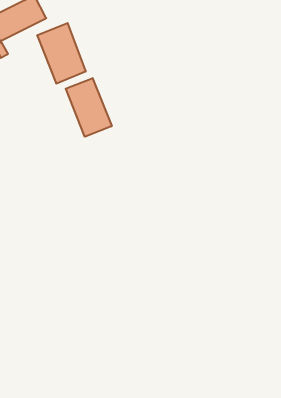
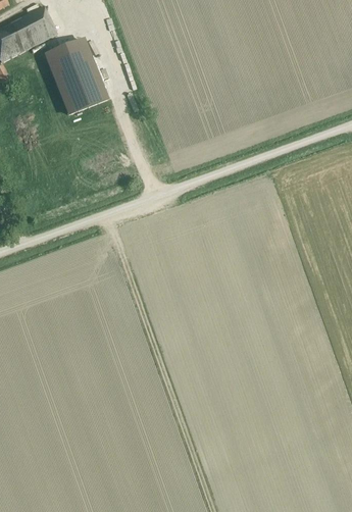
building: [66,78,112,137] -> none

